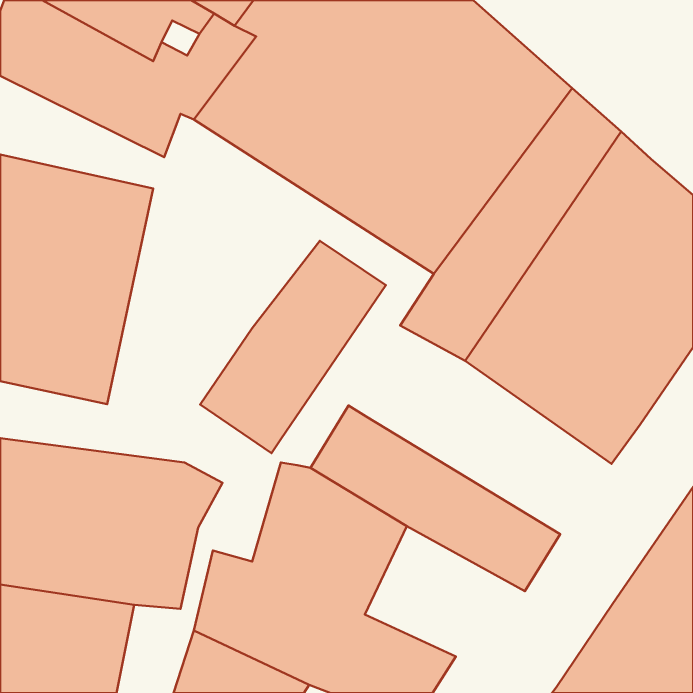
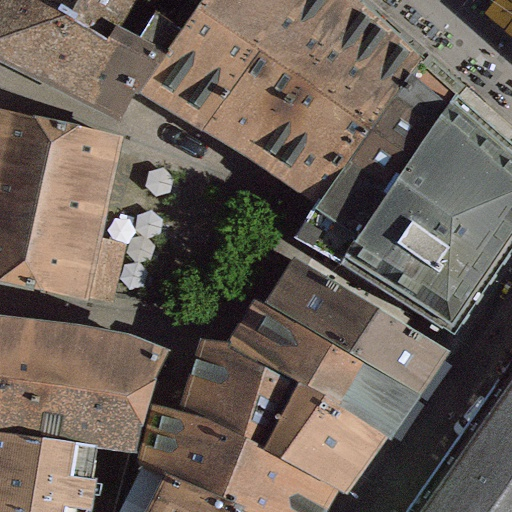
building: [200,241,386,453] -> none
building: none -> [270,263,445,394]
building: none -> [269,388,387,489]

